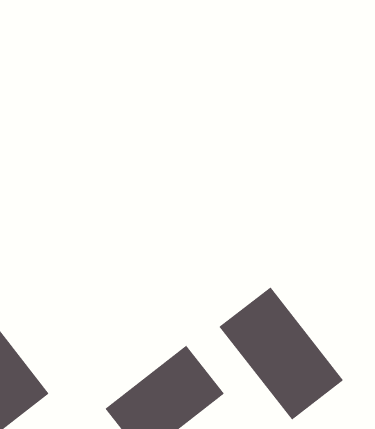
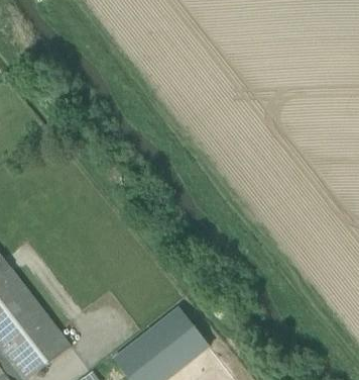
building: [219,287,344,420] -> none

